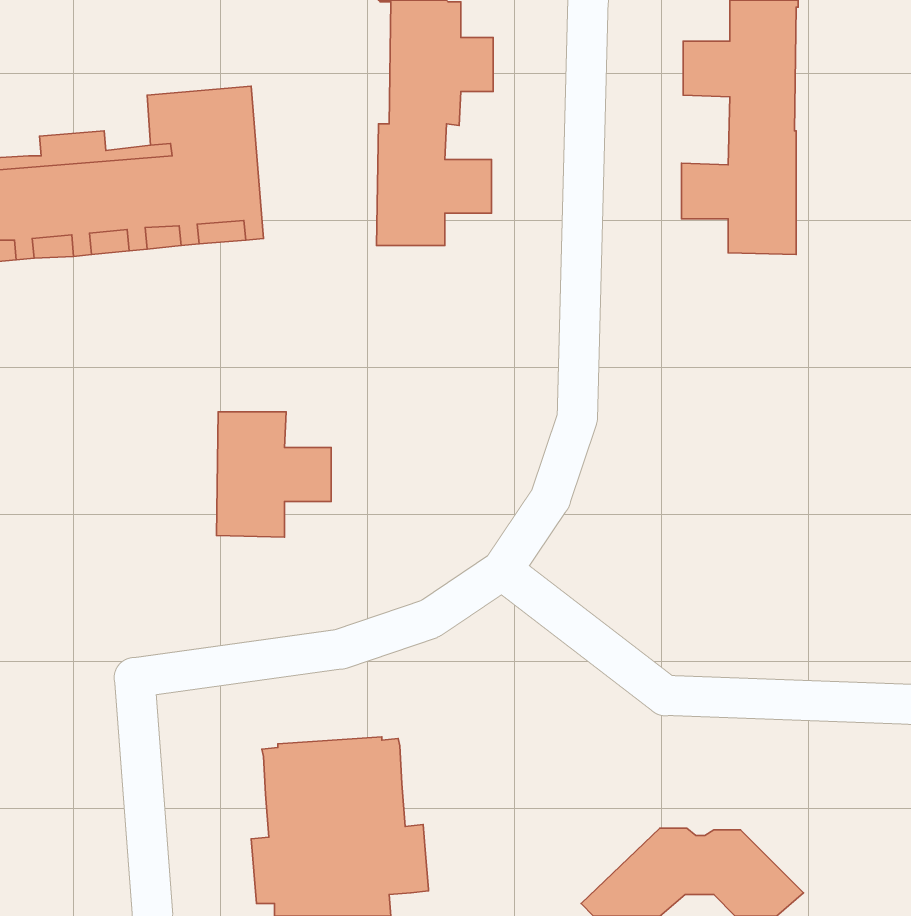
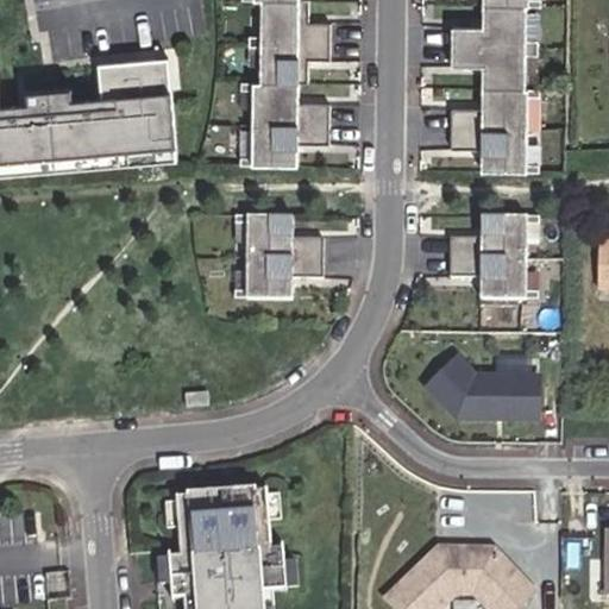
building: none -> [451,216,527,300]
building: [216,412,331,537] -> [245,214,321,297]
building: none -> [456,376,538,419]

